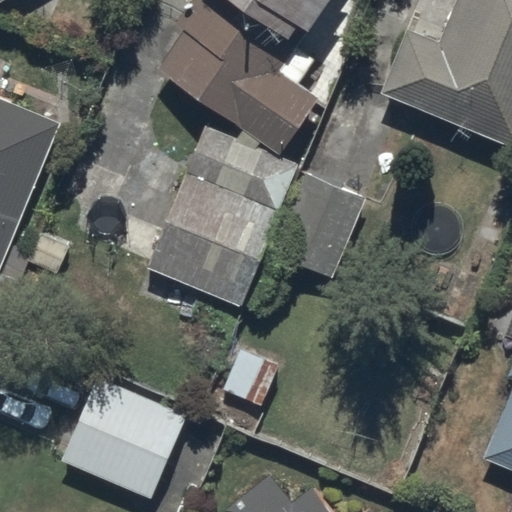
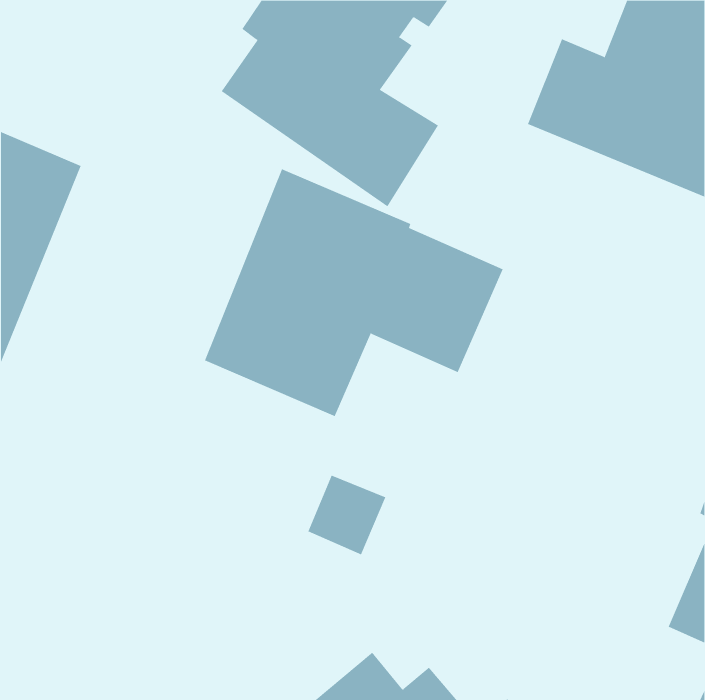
building: [62,376,188,500] -> none

